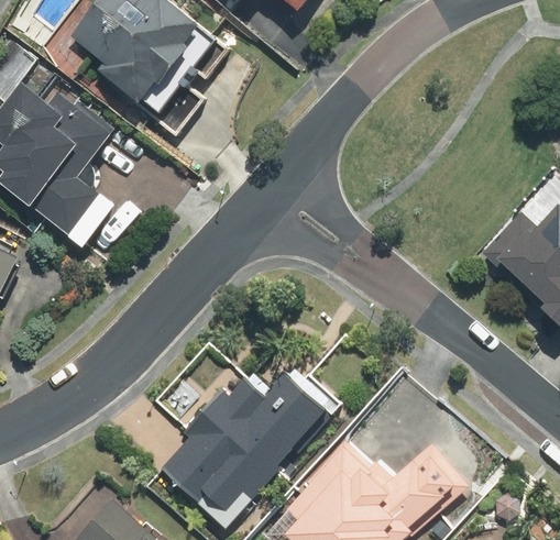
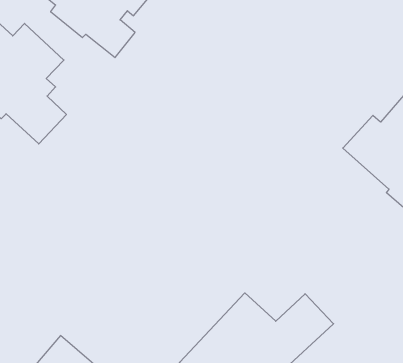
building: [160,374,323,527] -> none

